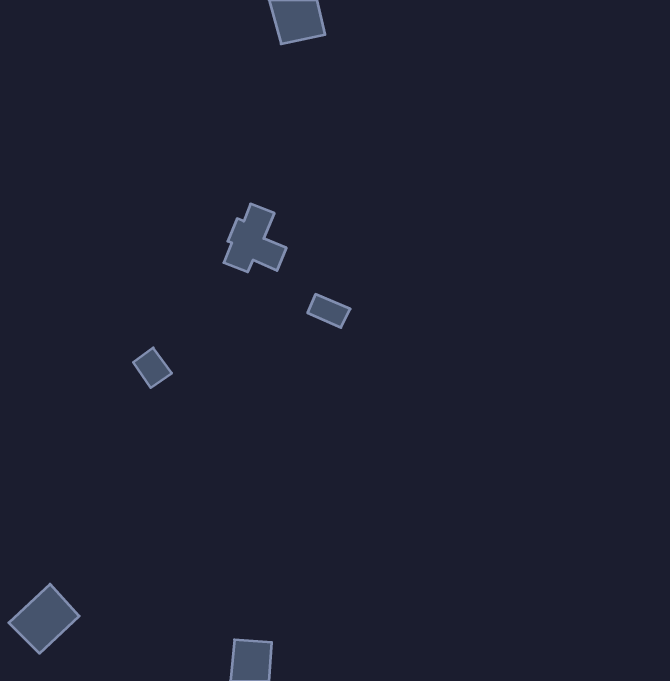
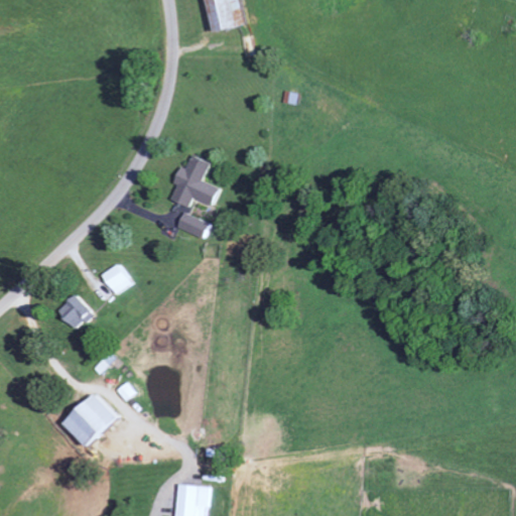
building: [308,294,350,328] -> [175,212,208,237]
building: none -> [57,294,92,329]
building: [9,584,79,653] -> [62,393,116,445]

